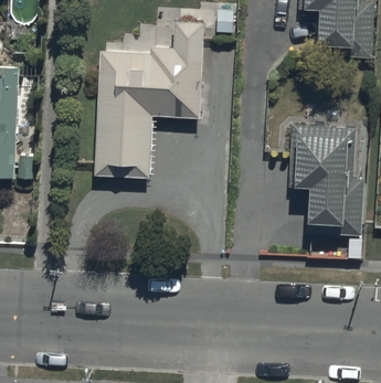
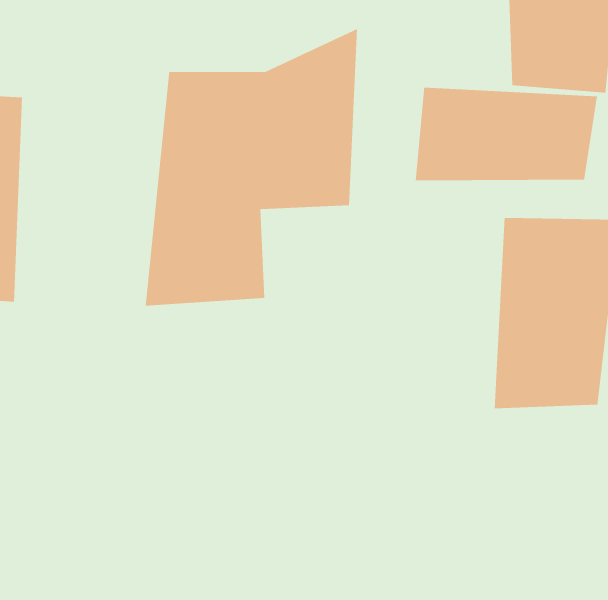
building: none -> [415,87,597,181]

